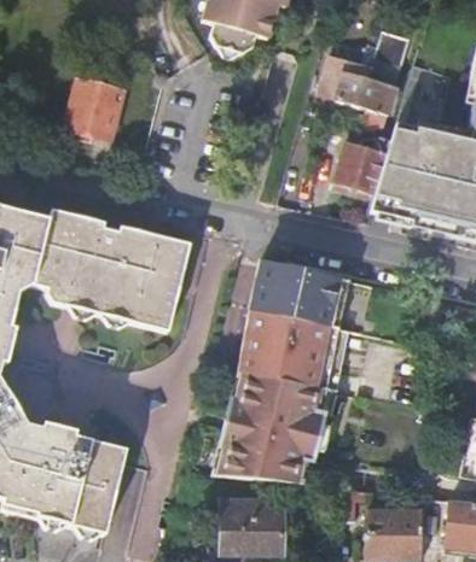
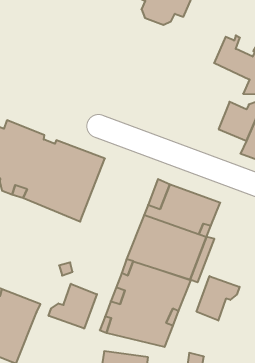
building: [65,78,123,137] -> none
building: none -> [197,276,240,321]
building: none -> [49,284,97,329]

